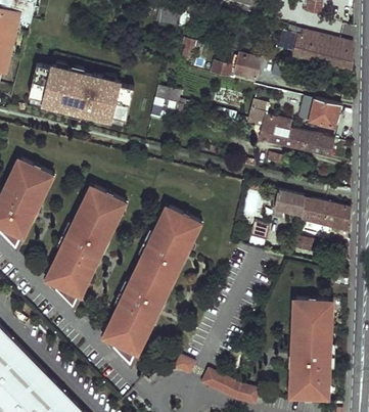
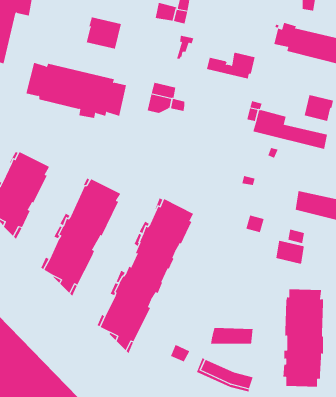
building: none -> [86,16,122,50]
building: [275,191,305,218] -> [275,240,305,266]
building: none -> [211,327,253,344]

